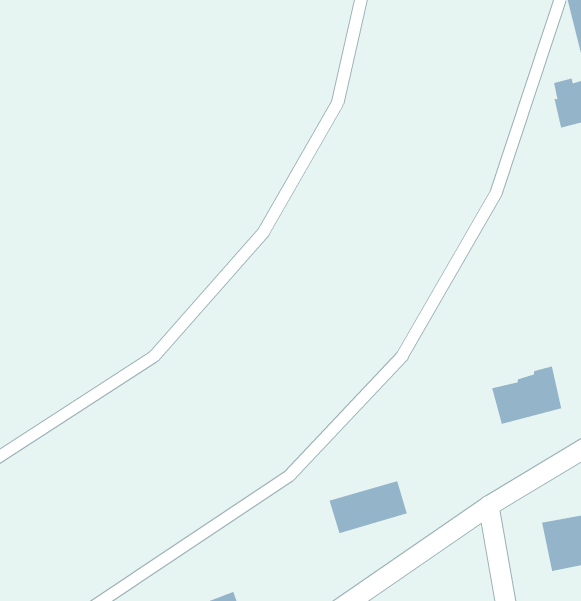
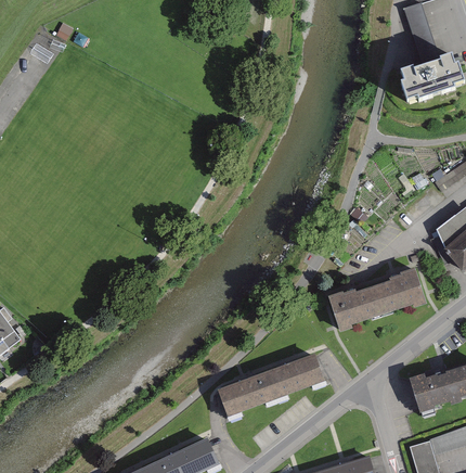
building: none -> [328,286,381,325]
building: none -> [219,372,275,412]

